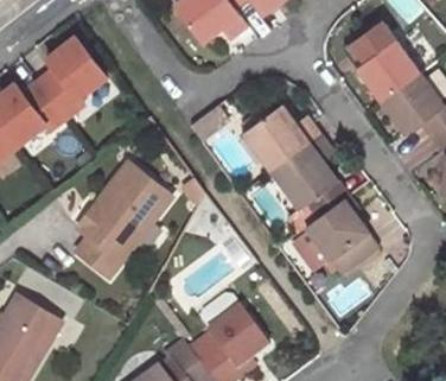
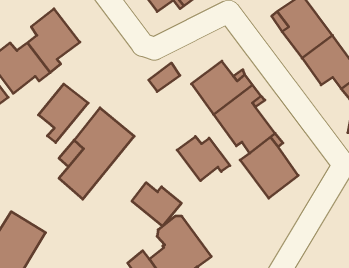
building: none -> [38,84,88,143]
building: none -> [177,136,230,181]
building: none -> [132,183,181,226]

